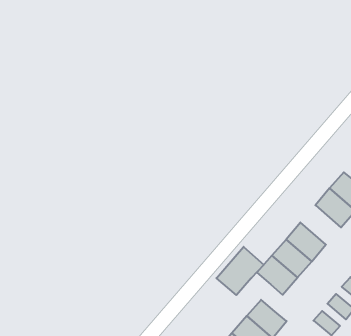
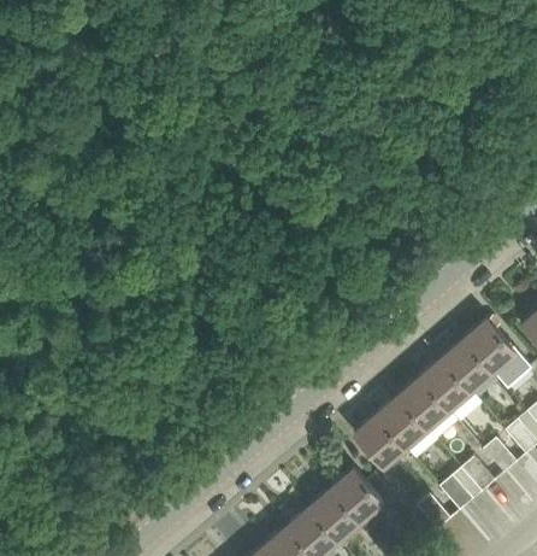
building: none -> [420,357,472,410]
building: [216,247,264,295] -> none

